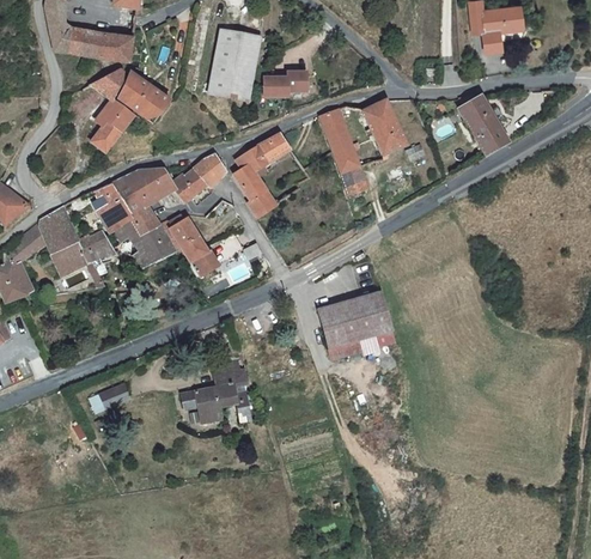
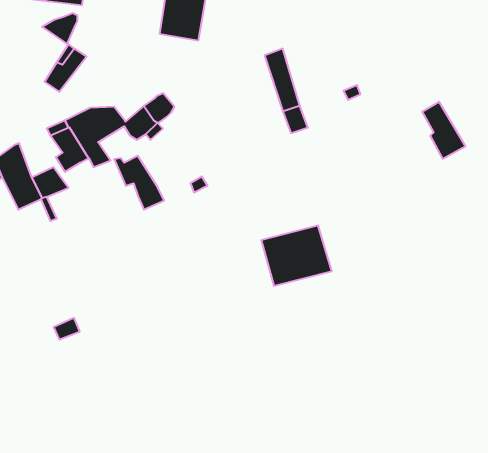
building: [118,72,170,123] -> none
building: [263,73,310,98] -> none
building: [462,96,507,156] -> [422,102,465,159]
building: [364,99,403,162] -> none
building: [233,134,290,217] -> none
building: [127,221,175,266] -> none
building: [179,358,252,424] -> none

